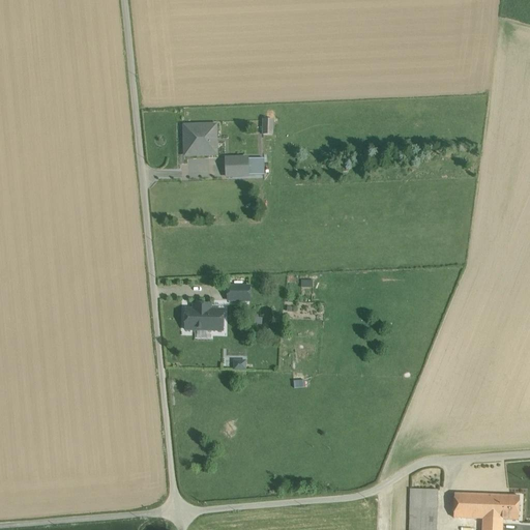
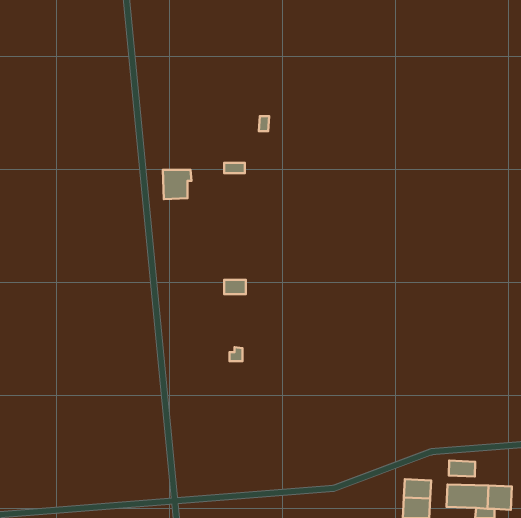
building: [184,124,213,154] -> [163,170,191,199]
building: [185,303,223,329] -> none
building: none -> [449,461,475,477]

